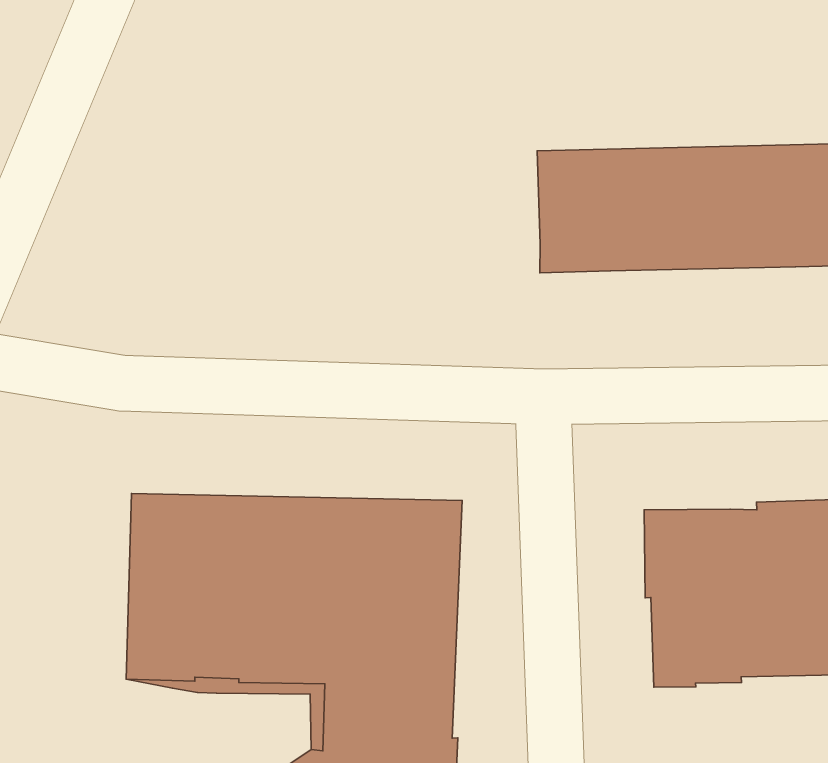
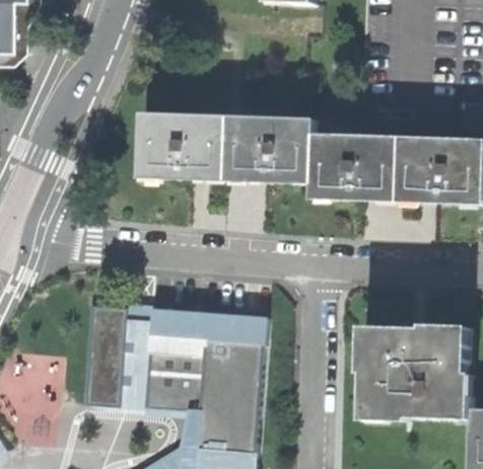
building: none -> [138,110,315,183]

